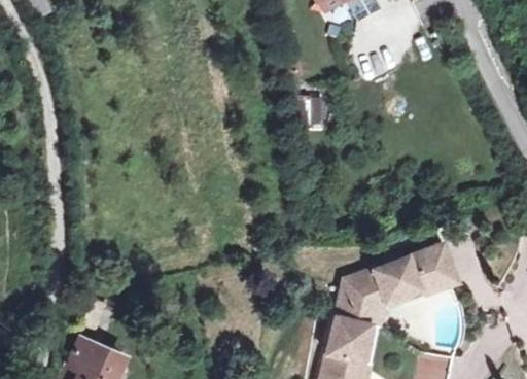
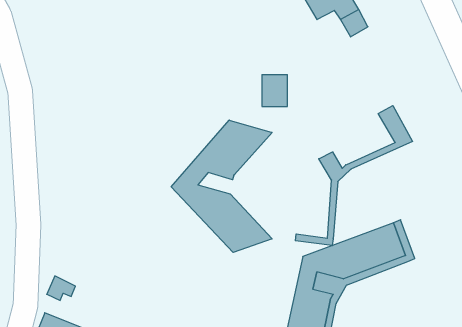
building: none -> [295,106,413,246]
building: none -> [171,120,272,252]

